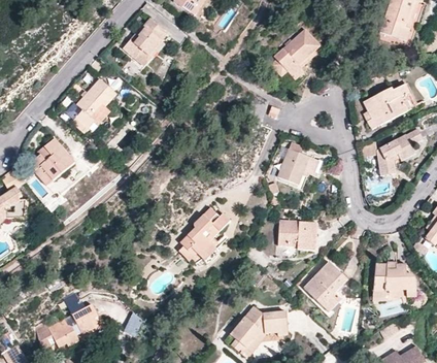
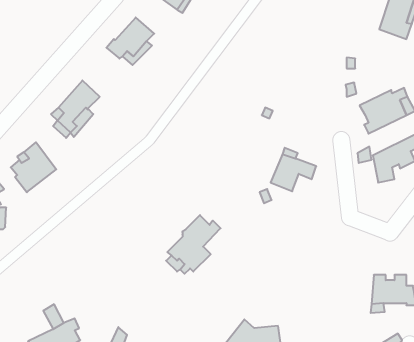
building: [271,28,322,82] -> none
building: [278,220,316,251] -> none
building: [304,262,348,312] -> none

